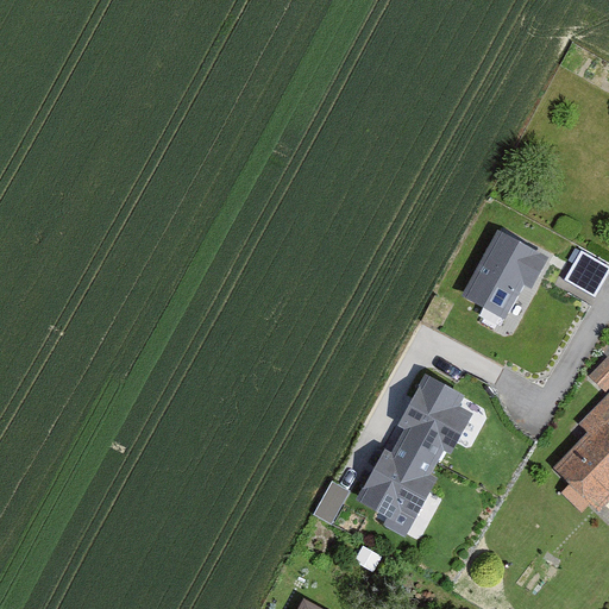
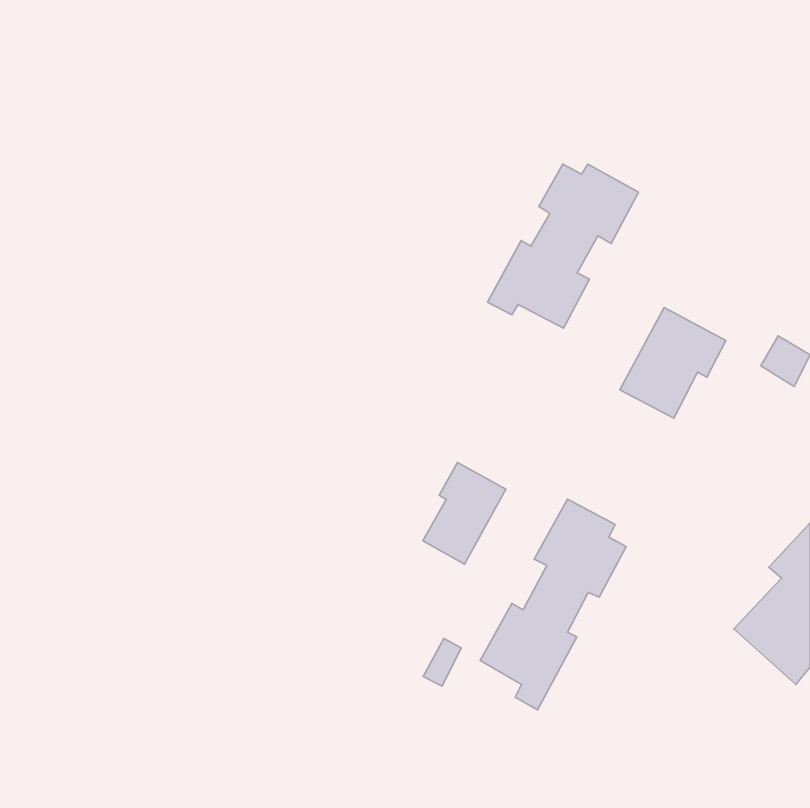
building: none -> [487,164,639,328]
building: none -> [423,463,506,564]

